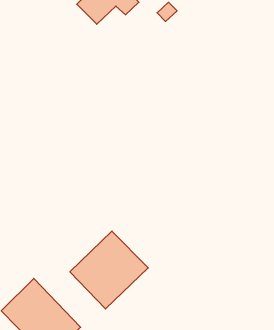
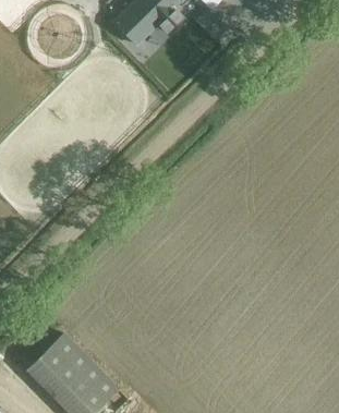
building: [70,231,148,309] -> none

